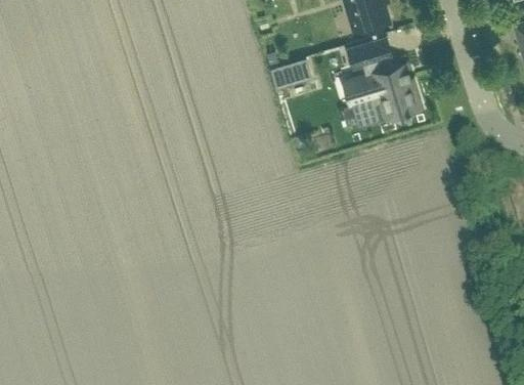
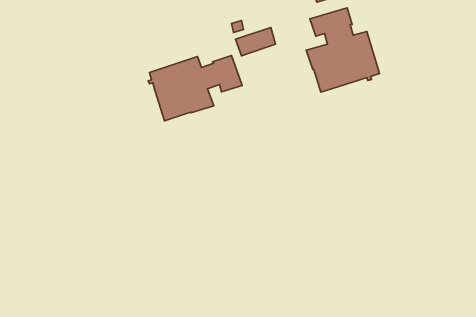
building: none -> [148,55,242,121]

